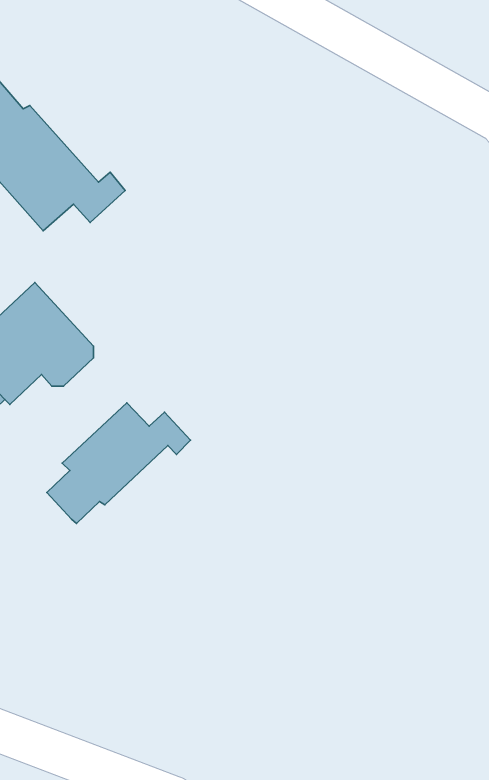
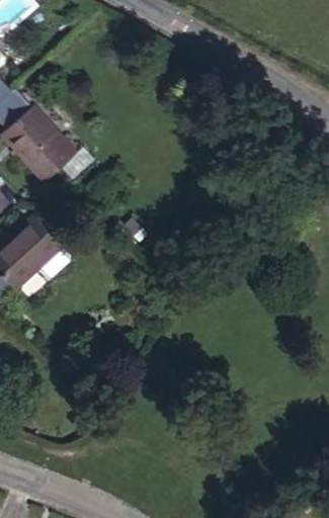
building: [47,403,190,524] -> none

